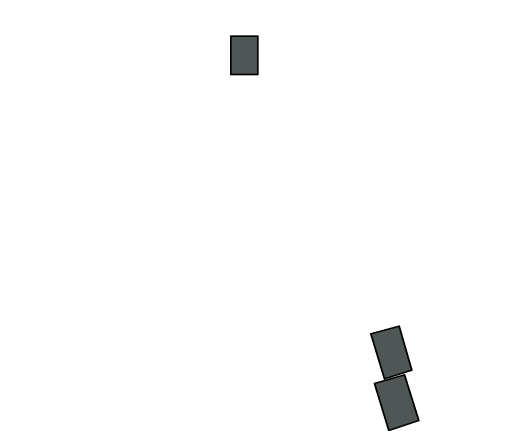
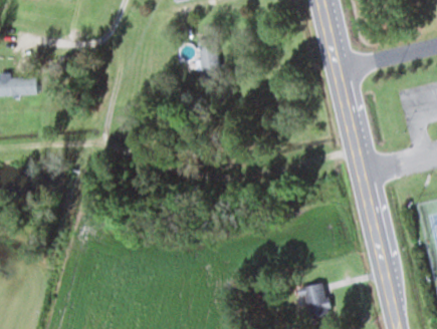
building: [371,326,412,379] -> none

